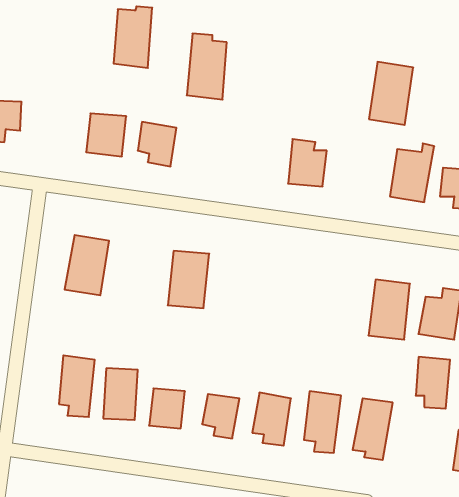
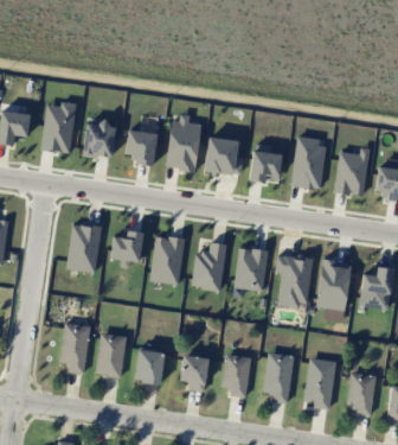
building: [114,6,152,68] -> [43,102,75,153]
building: [187,34,227,100] -> [167,116,200,171]
building: [369,62,413,125] -> [290,138,327,190]
building: none -> [205,138,243,174]
building: none -> [111,230,143,268]
building: none -> [192,242,226,290]
building: none -> [235,247,268,291]
building: none -> [276,254,313,306]
building: [416,357,450,409] -> [347,373,375,415]

